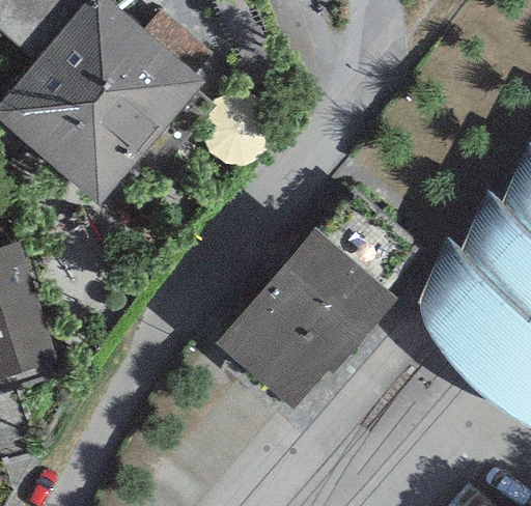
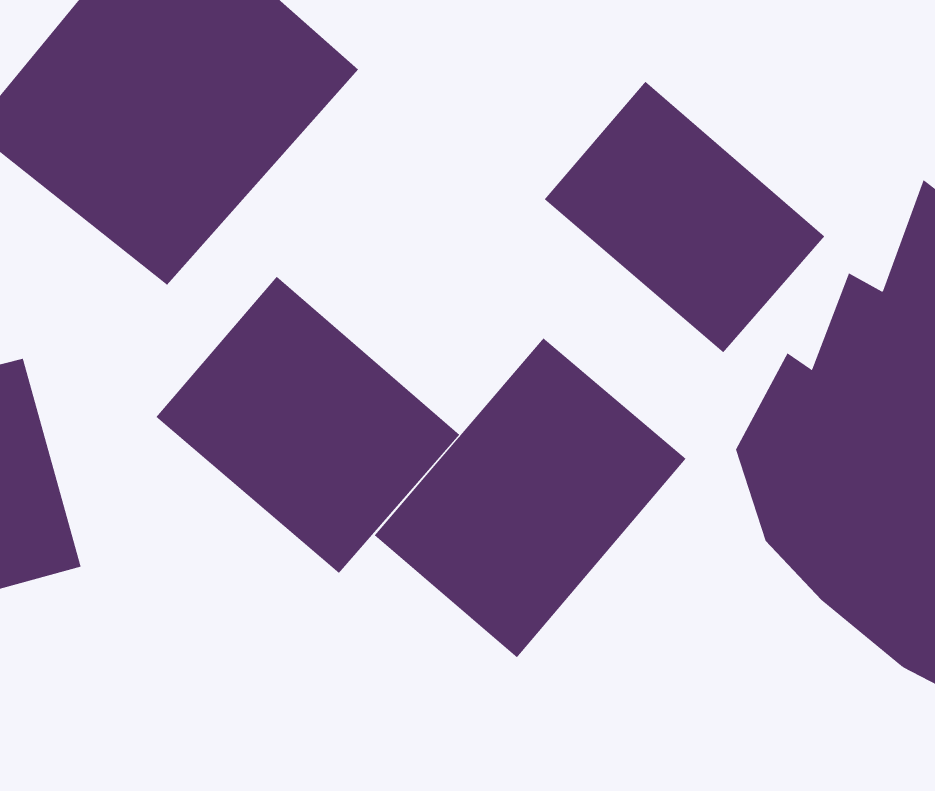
building: none -> [544,81,825,353]
building: none -> [156,276,460,574]

